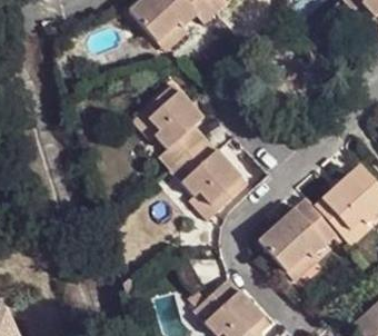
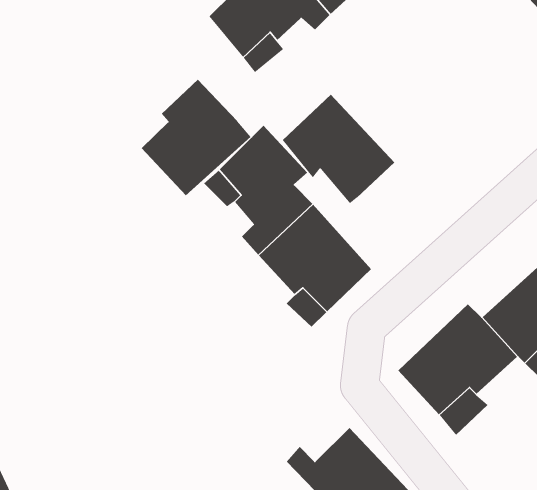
building: none -> [141,79,252,196]
building: none -> [282,94,395,204]

